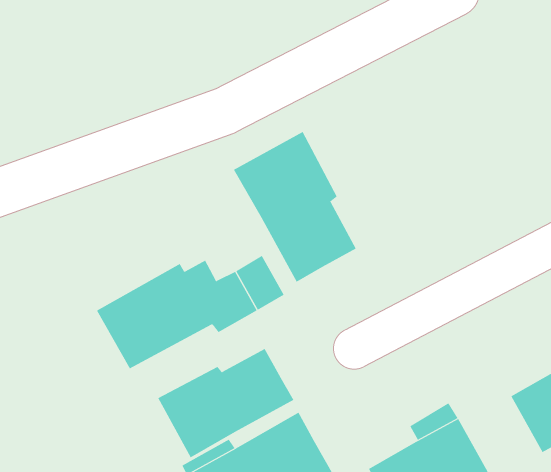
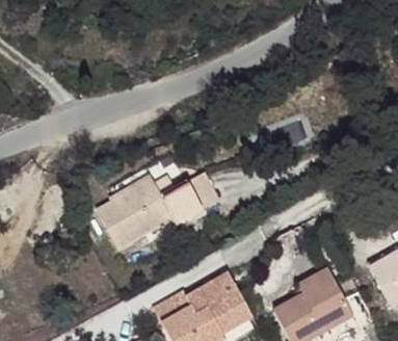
building: [233,131,356,283] -> none
building: [158,348,294,458] -> none

